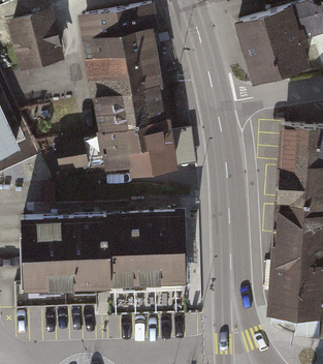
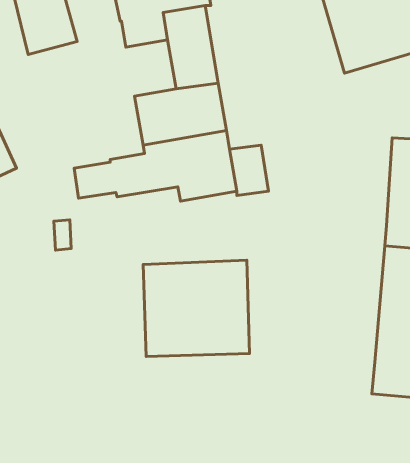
building: [94,57,130,97] -> none
building: [23,218,108,287] -> none

